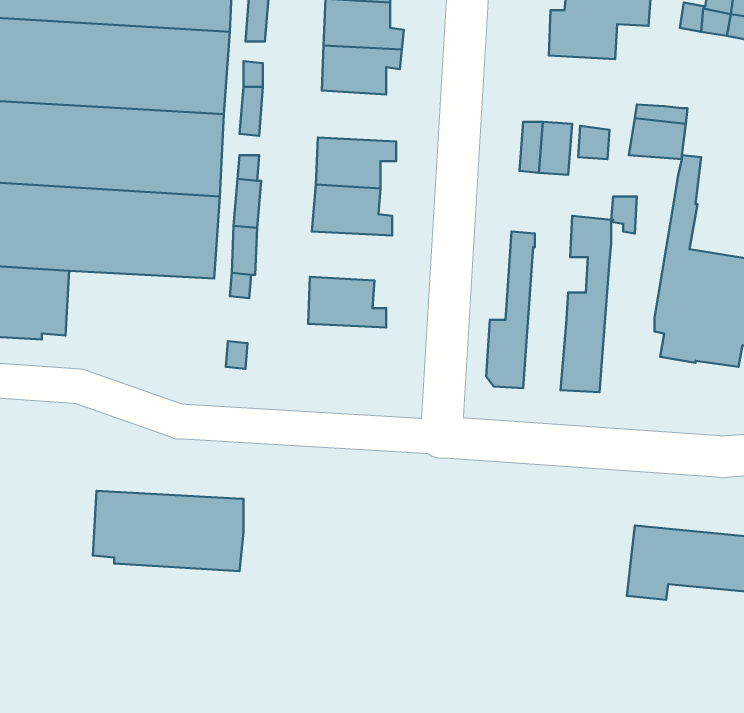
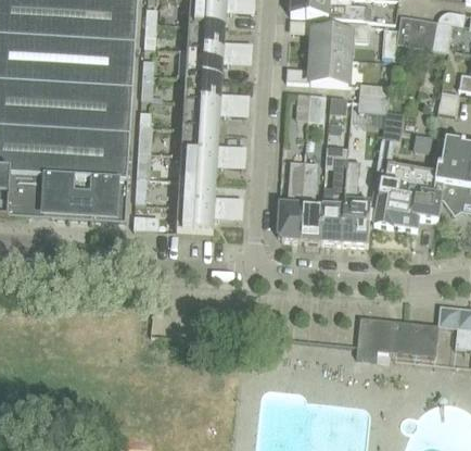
building: none -> [310,55,349,84]
building: none -> [184,75,229,103]
building: none -> [180,153,226,180]
building: none -> [341,160,371,245]
building: none -> [298,162,322,241]
building: none -> [177,204,222,234]
building: [93,491,243,571] -> [44,175,128,220]

